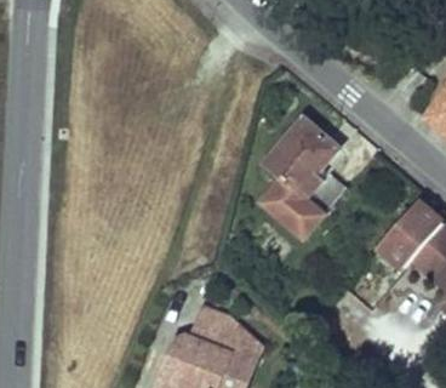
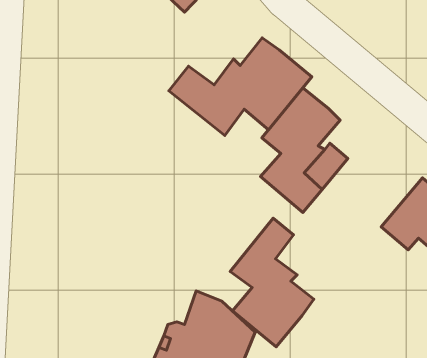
building: none -> [169,38,312,135]
building: none -> [230,218,314,347]

